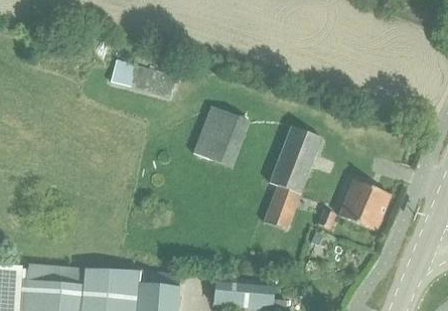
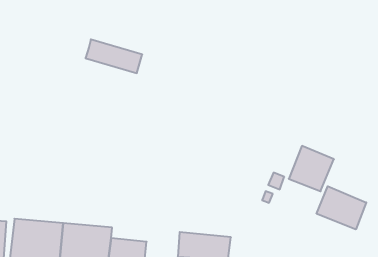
building: [195,100,253,163] -> none
building: [264,128,321,231] -> none
building: none -> [317,186,366,229]

